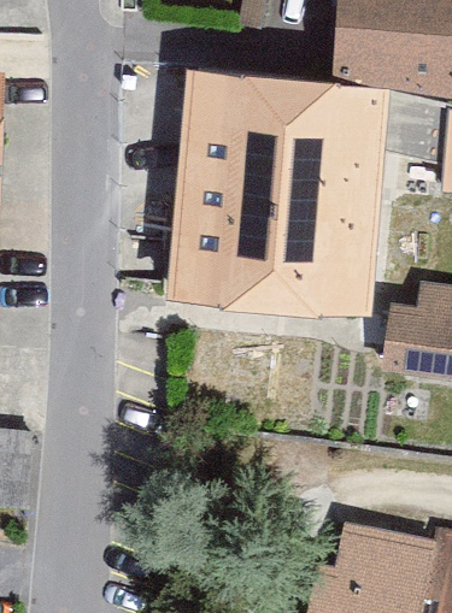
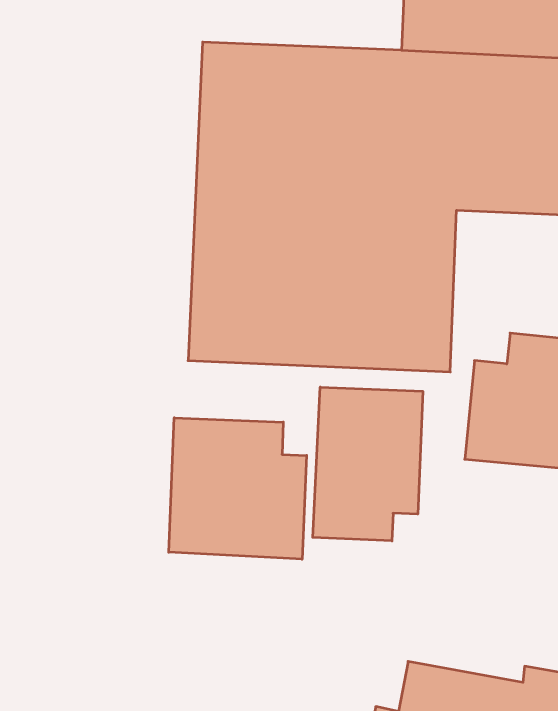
building: none -> [313,387,423,541]
building: none -> [169,418,307,559]

